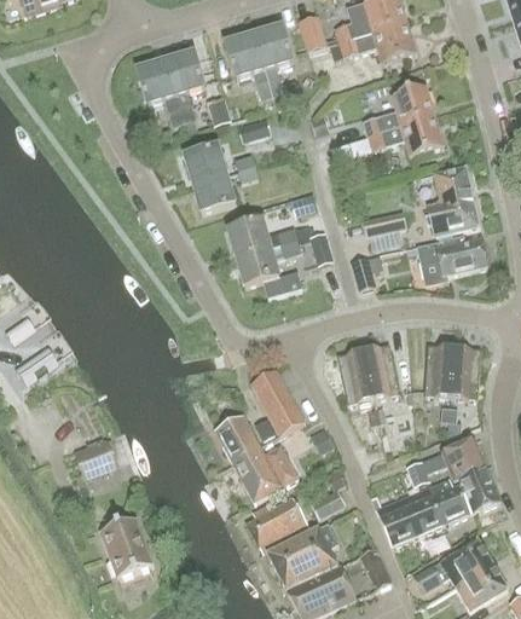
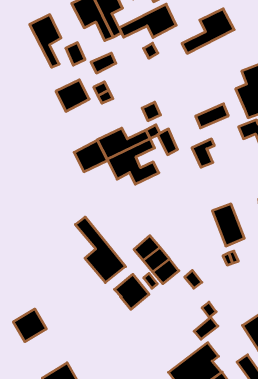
building: [137,60,184,126] -> none
building: [366,115,442,156] -> [119,4,176,38]
building: [192,173,235,212] -> [74,140,107,172]
building: none -> [75,217,126,283]
building: [336,349,372,404] -> none
building: [232,445,297,501] -> none
building: [245,496,308,551] -> none

